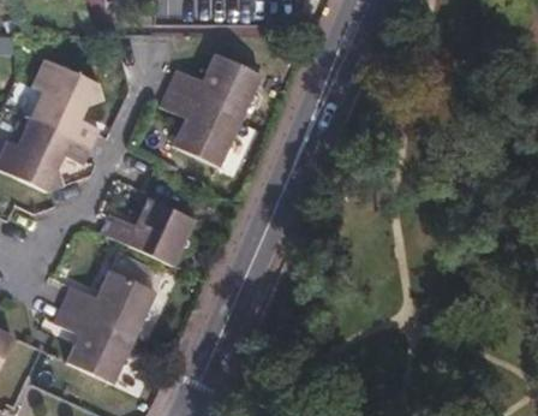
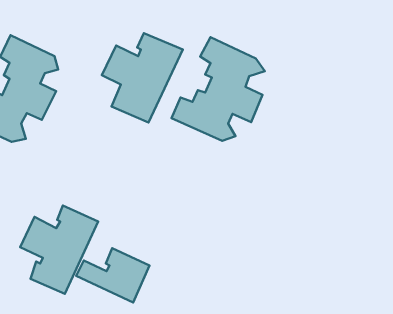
building: none -> [172,37,265,141]
building: [101,198,193,267] -> [76,248,149,302]

